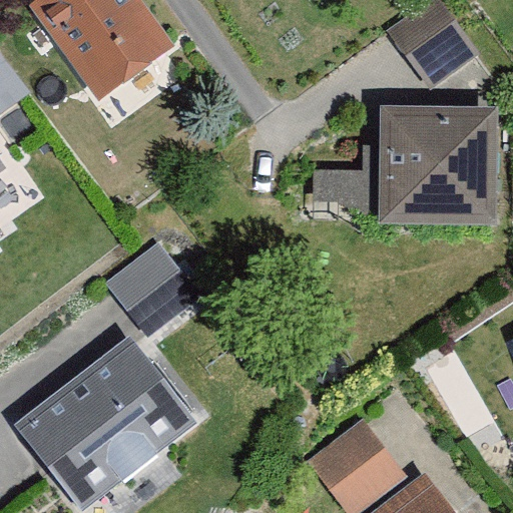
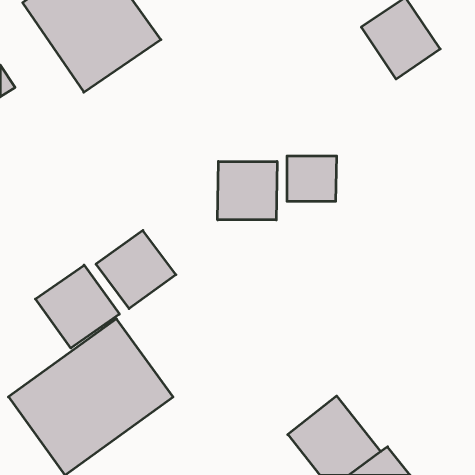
building: [378,108,491,224] -> none
building: none -> [218,161,277,220]
building: none -> [35,265,119,348]

